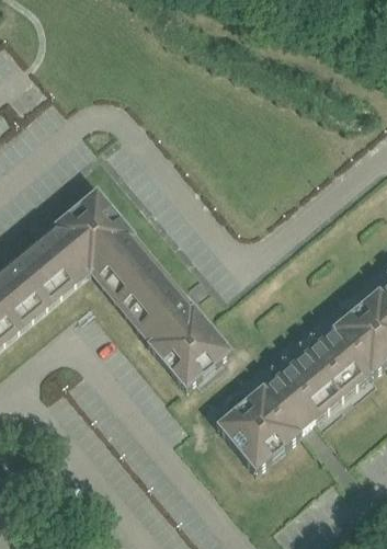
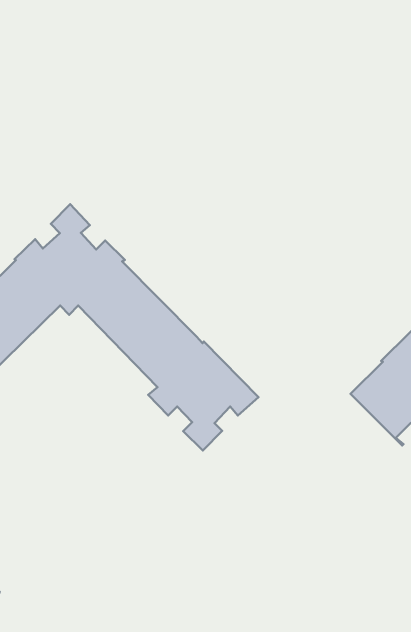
building: [216,354,342,472] -> none

